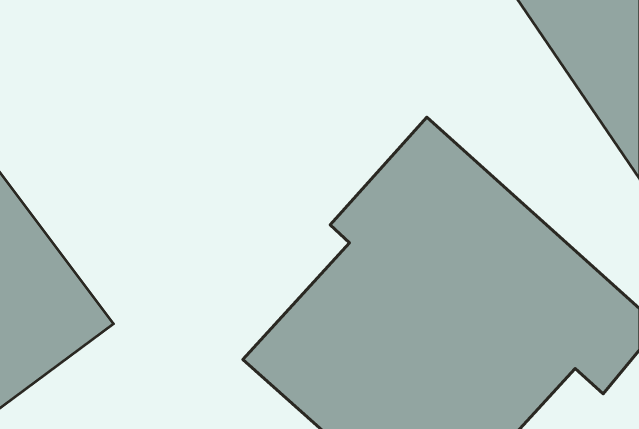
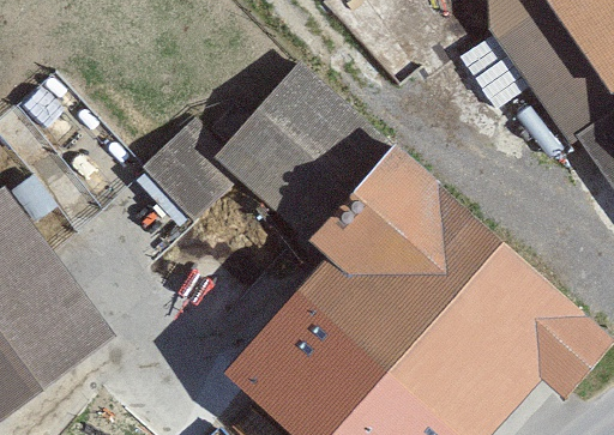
building: none -> [142,64,379,234]

